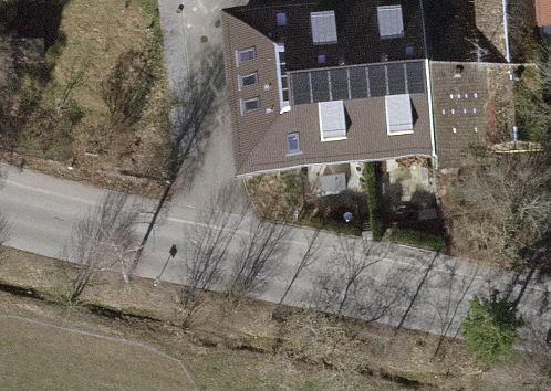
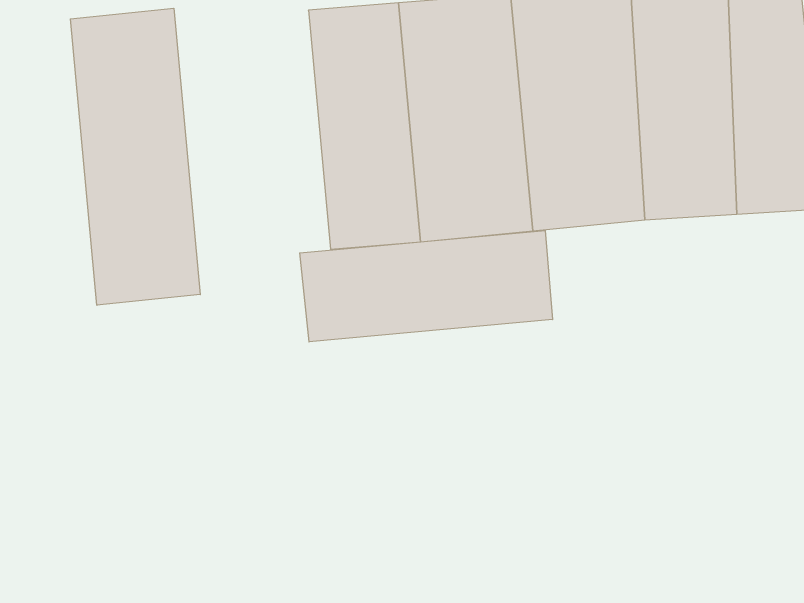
building: none -> [70,8,200,305]
building: none -> [300,230,553,342]

